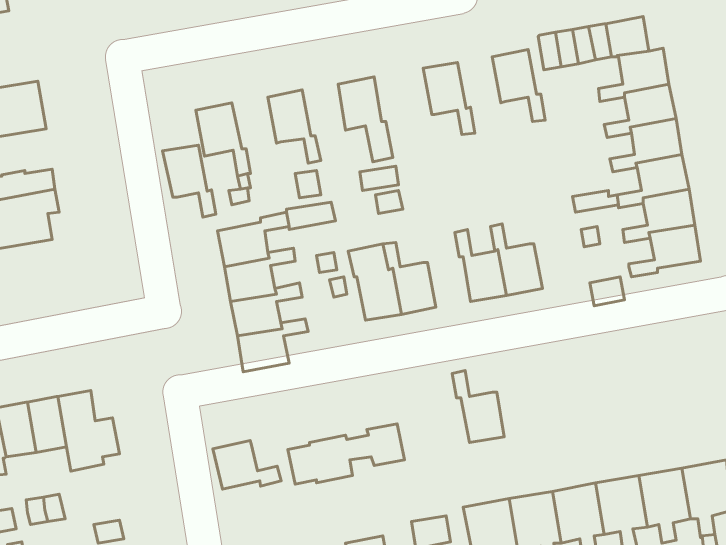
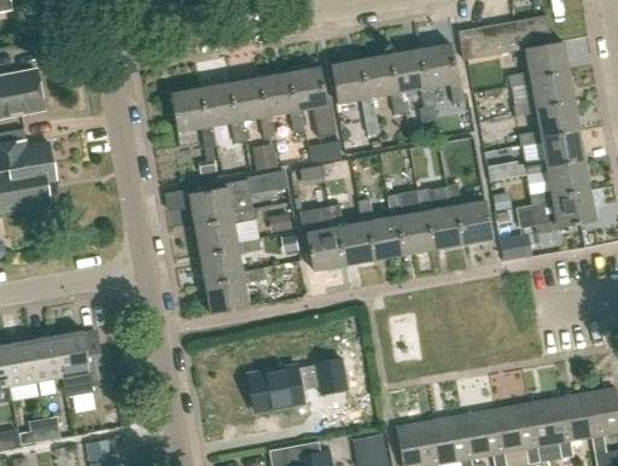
building: none -> [390,49,436,122]
building: none -> [331,59,375,120]
building: none -> [260,72,304,133]
building: [163,145,216,217] -> [200,83,245,144]
building: none -> [447,185,490,244]
building: none -> [515,202,555,228]
building: [452,371,504,443] -> [357,199,401,260]
building: [213,440,281,489] -> none

